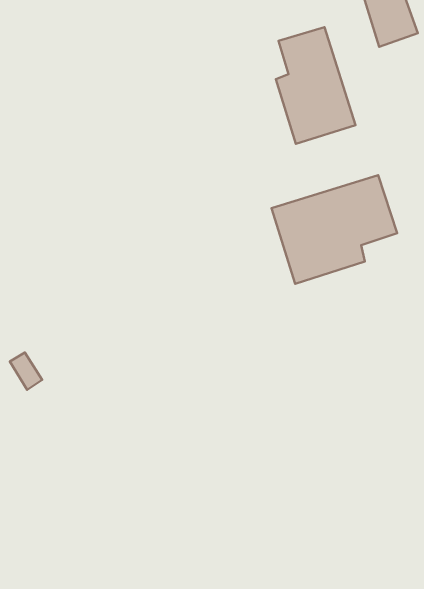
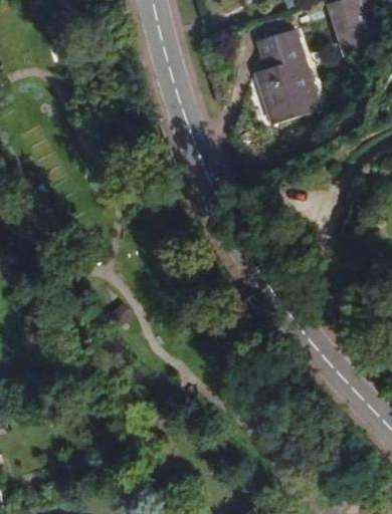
building: [271,175,397,284] -> none

